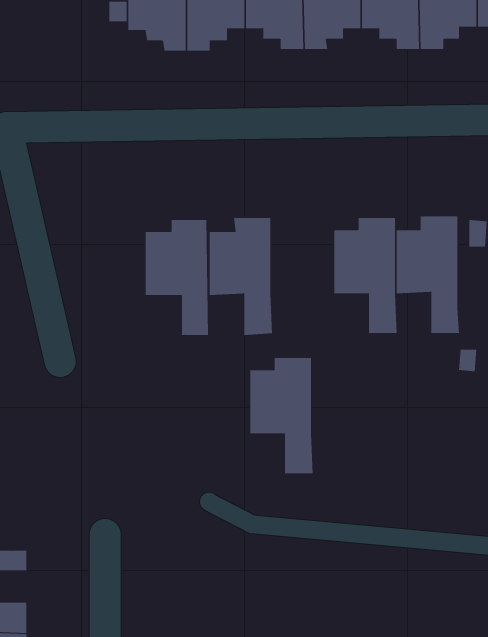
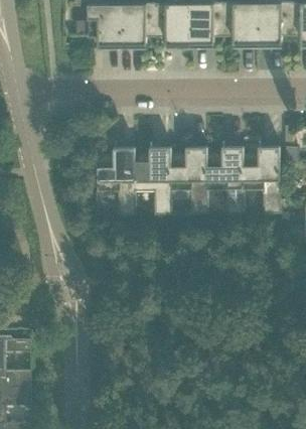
building: [249,358,313,474] -> [170,145,207,212]

